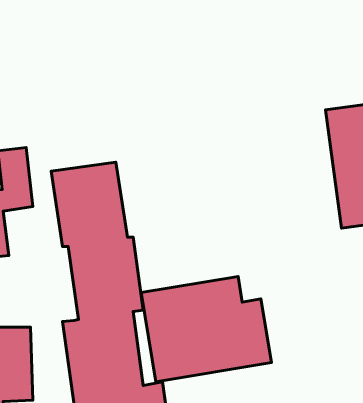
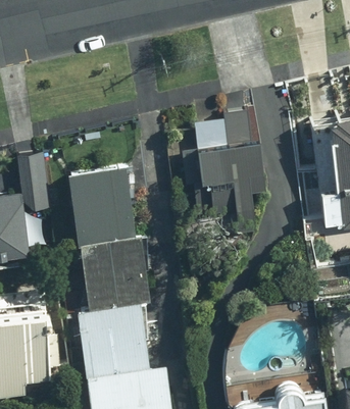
building: none -> [180,113,265,235]
building: [141,277,272,382] -> none

